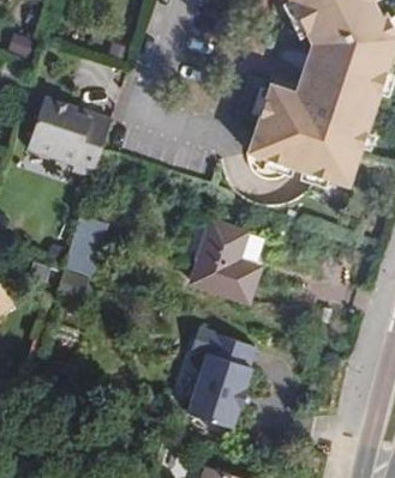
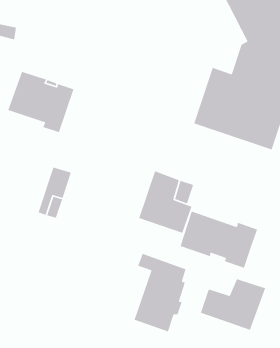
building: none -> [179,210,258,269]
building: none -> [200,278,266,331]

